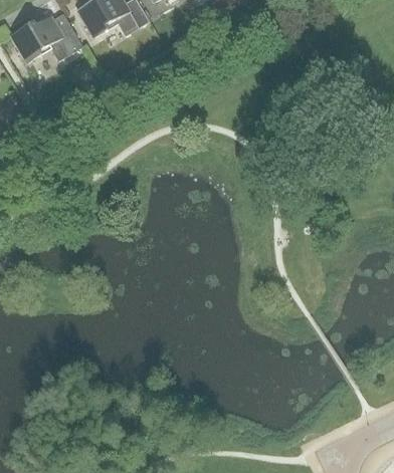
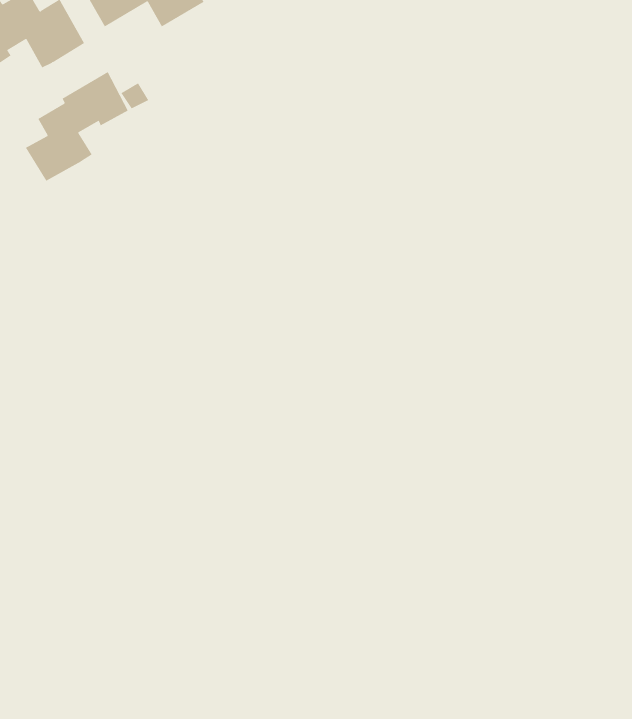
building: none -> [25,71,129,182]

